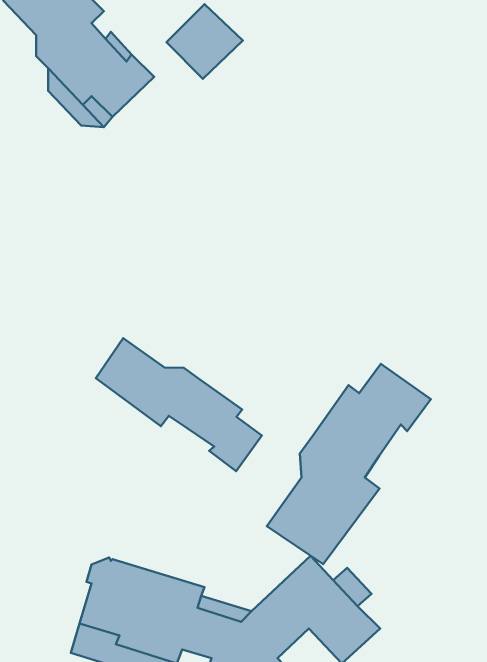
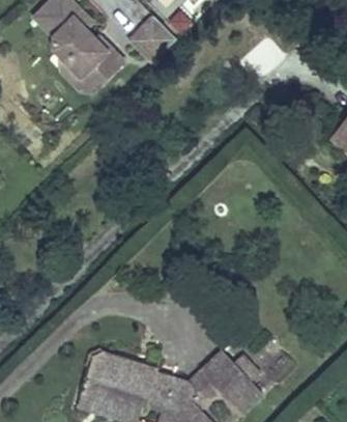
building: [96,338,262,471] -> none
building: [267,364,431,564] -> none

